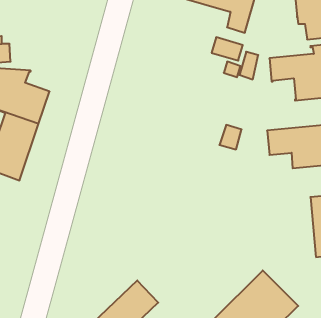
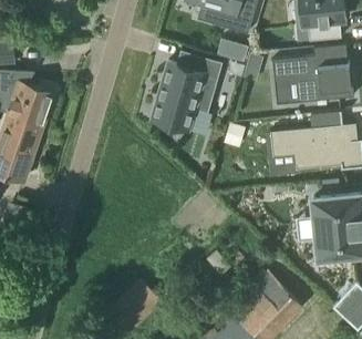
building: none -> [153,52,224,131]

